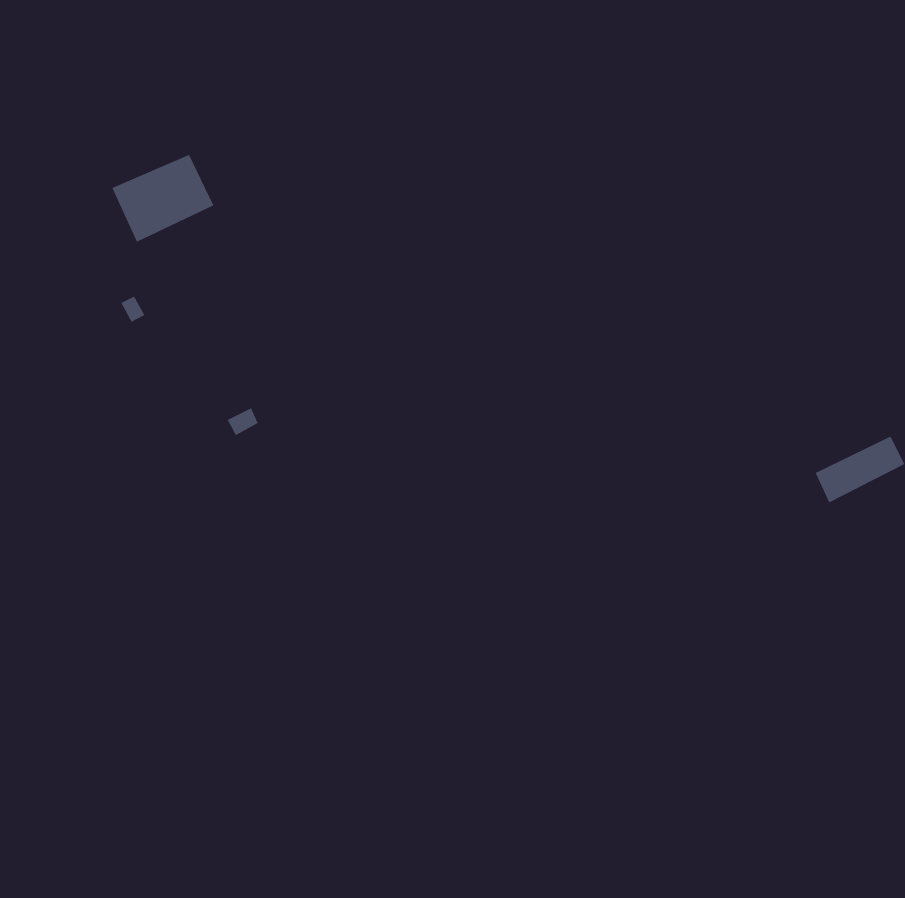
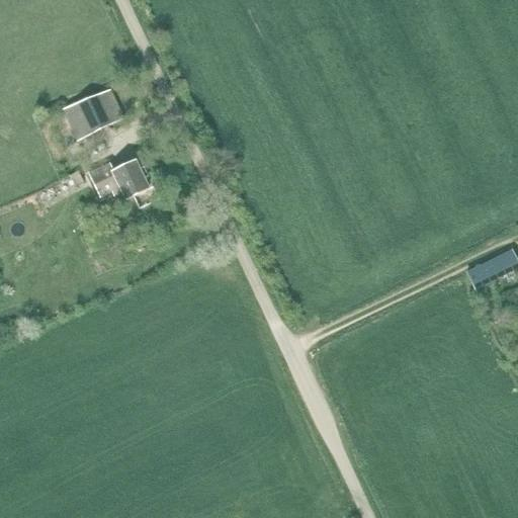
building: none -> [89,160,148,198]

